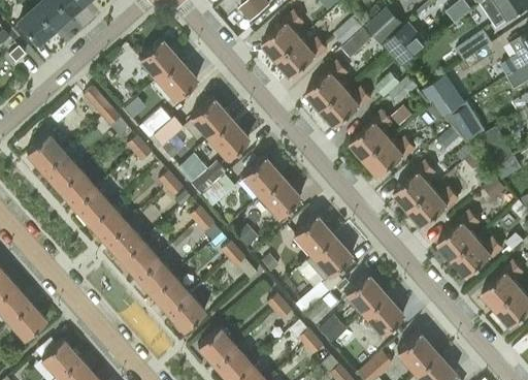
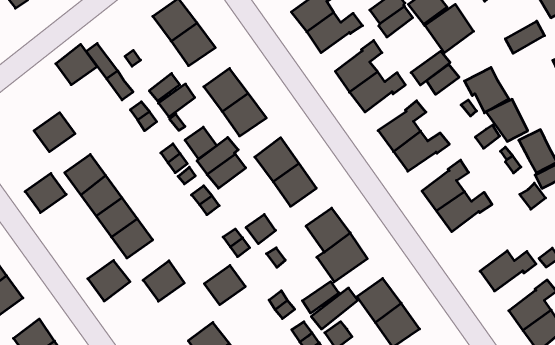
building: [27,133,64,170] -> [56,44,97,85]
building: [58,169,95,205] -> [25,173,66,213]
building: [438,212,480,259] -> none
building: [136,258,174,295] -> [88,260,130,301]
building: [168,294,205,330] -> [204,265,245,305]

